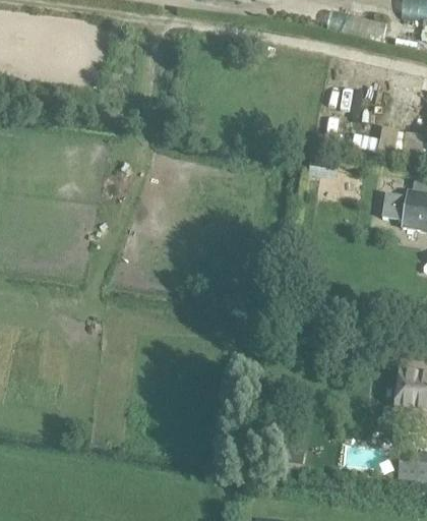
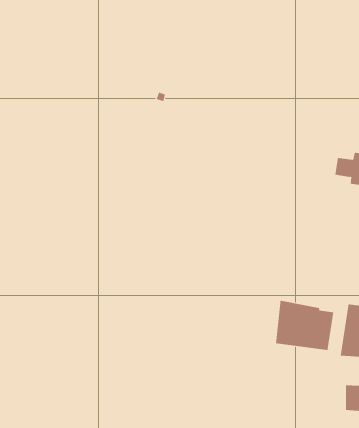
building: none -> [275,300,334,351]

